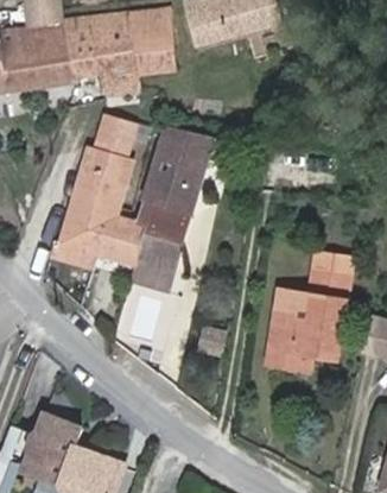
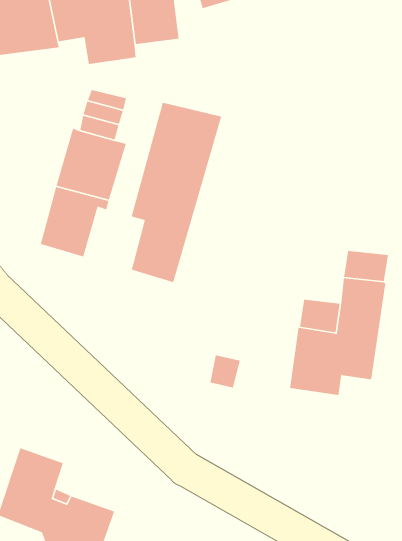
building: [96,214,146,266] -> none

